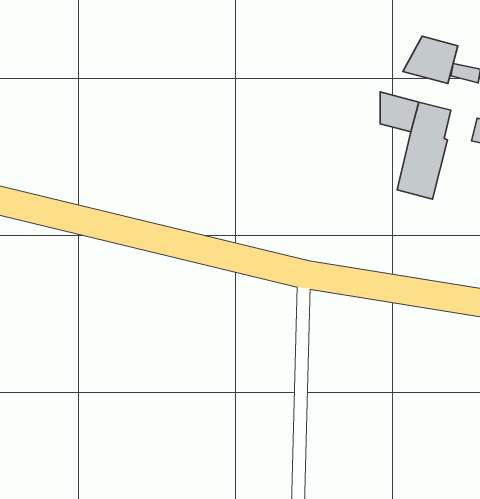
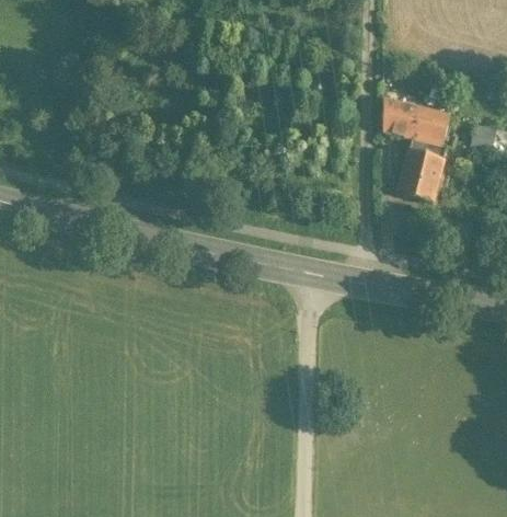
building: [403,36,458,84] -> none

